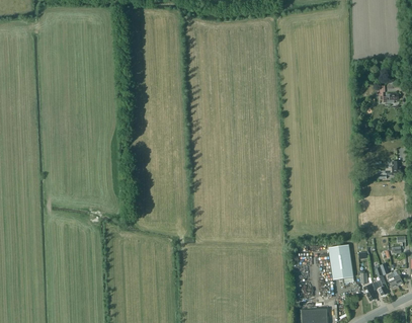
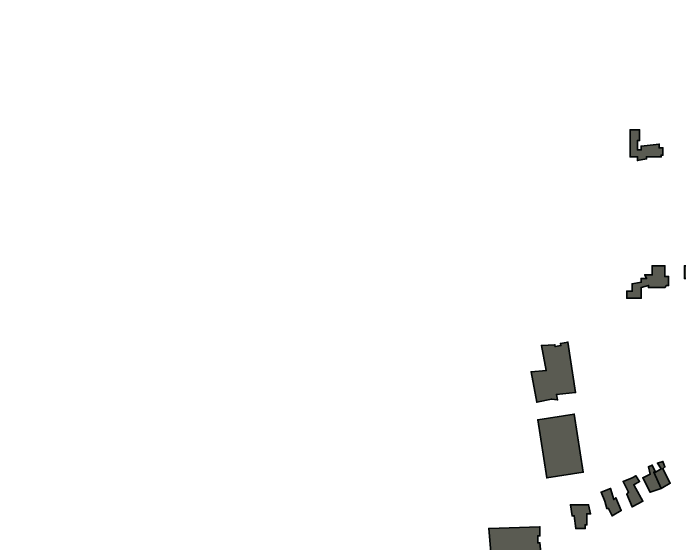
building: none -> [531,342,576,402]

